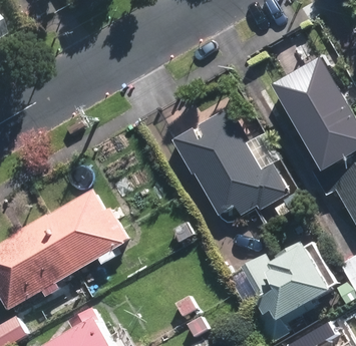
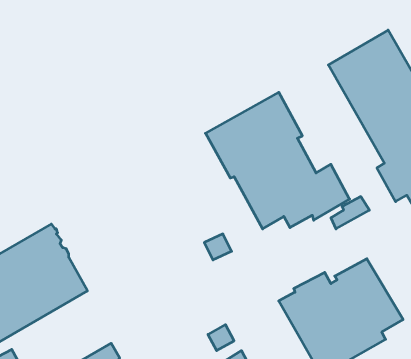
building: [47,187,126,267] -> none

